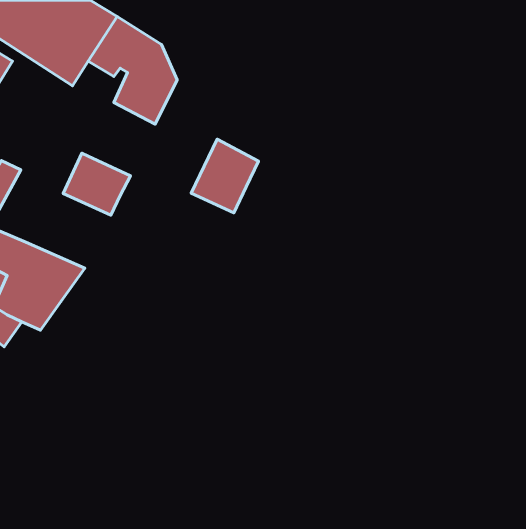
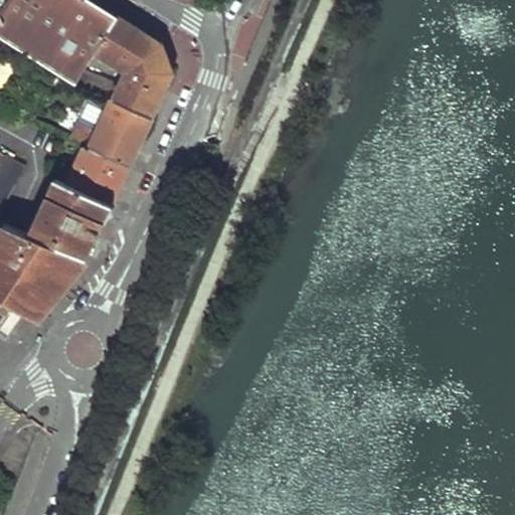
building: [191,139,259,213] -> [85,100,151,171]
building: none -> [25,183,108,261]

